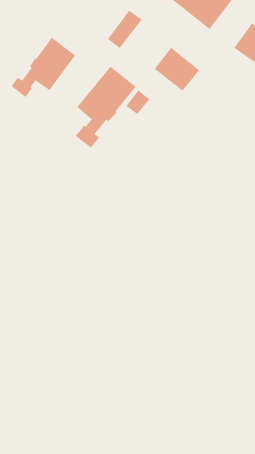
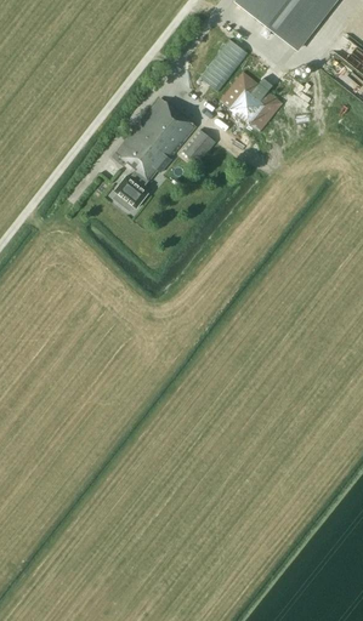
building: [107,10,142,49] -> [202,38,249,90]
building: [11,37,76,98] -> none

